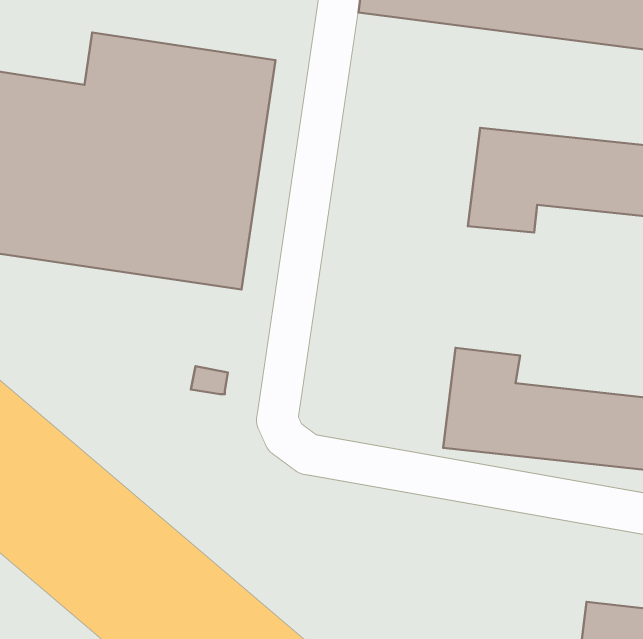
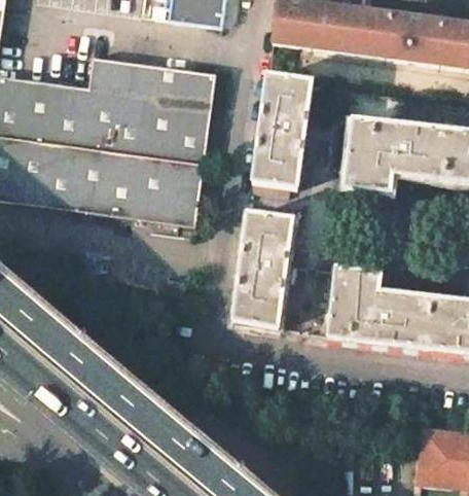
building: none -> [252,75,312,194]
building: none -> [233,203,292,327]

